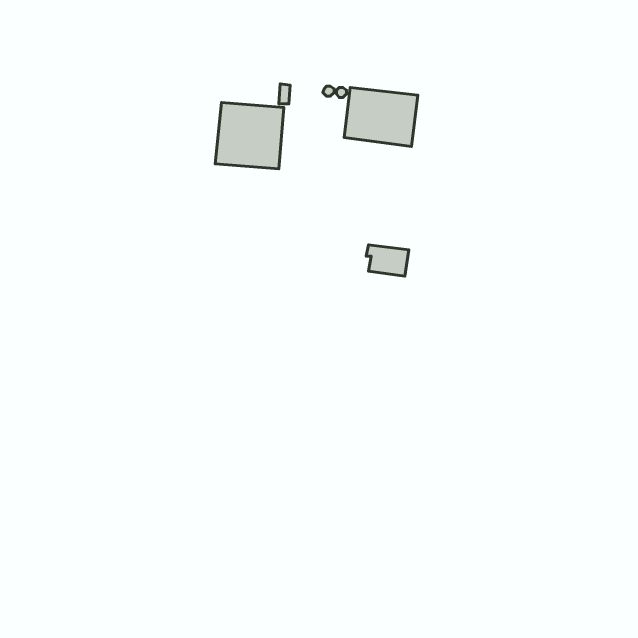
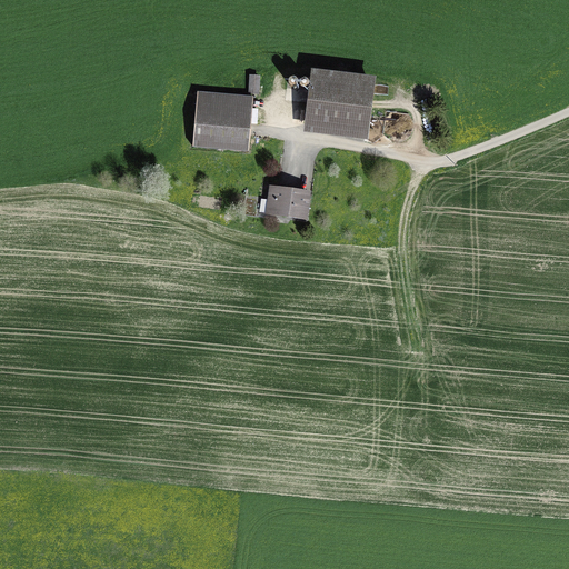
building: [366,245,409,276] -> [269,188,307,216]

